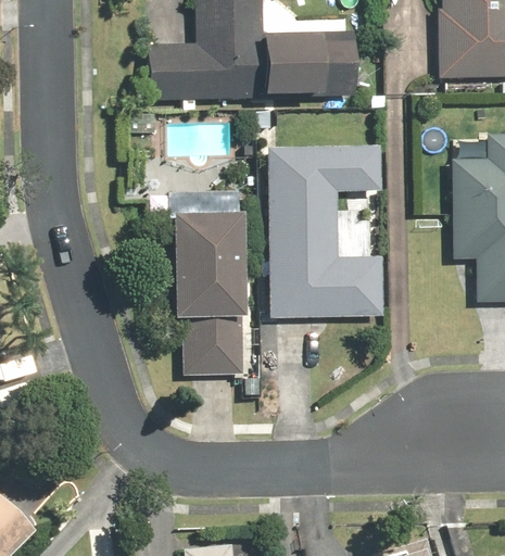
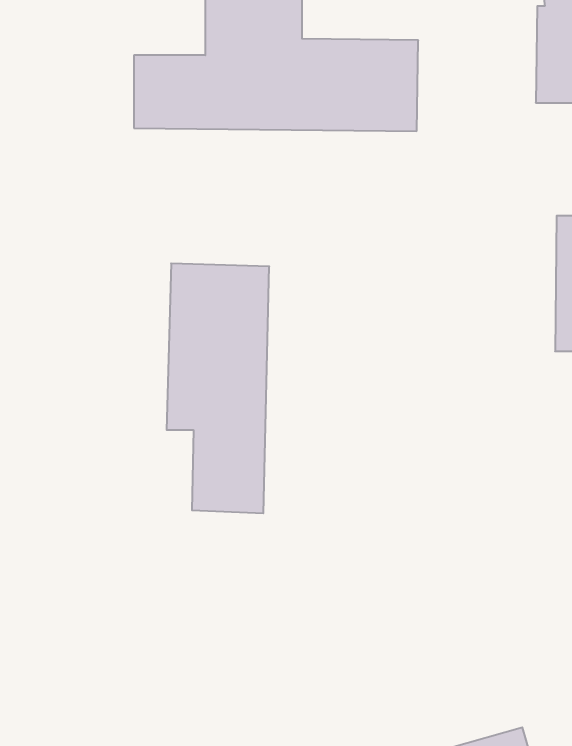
building: [267,146,384,318] -> none

